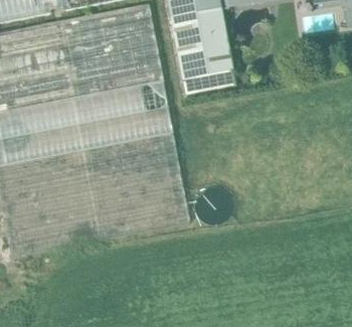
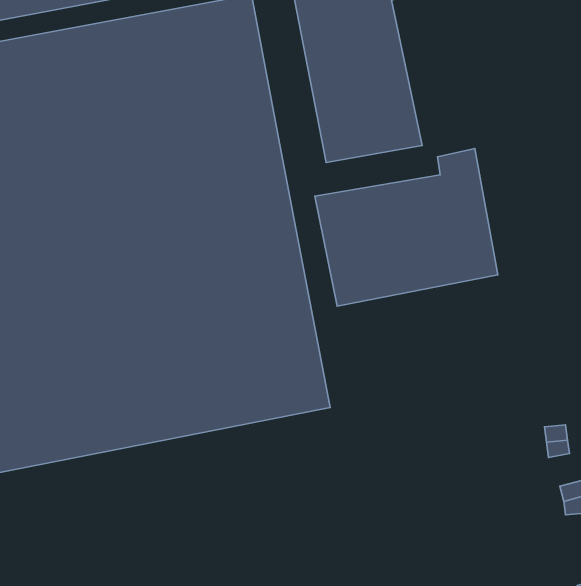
building: none -> [315,148,498,306]

